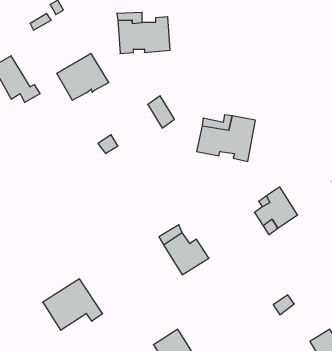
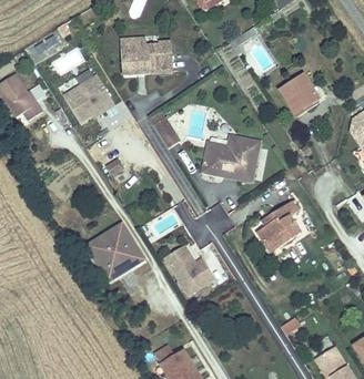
building: none -> [280,75,320,112]
building: [43,279,103,330] -> [85,224,145,275]

